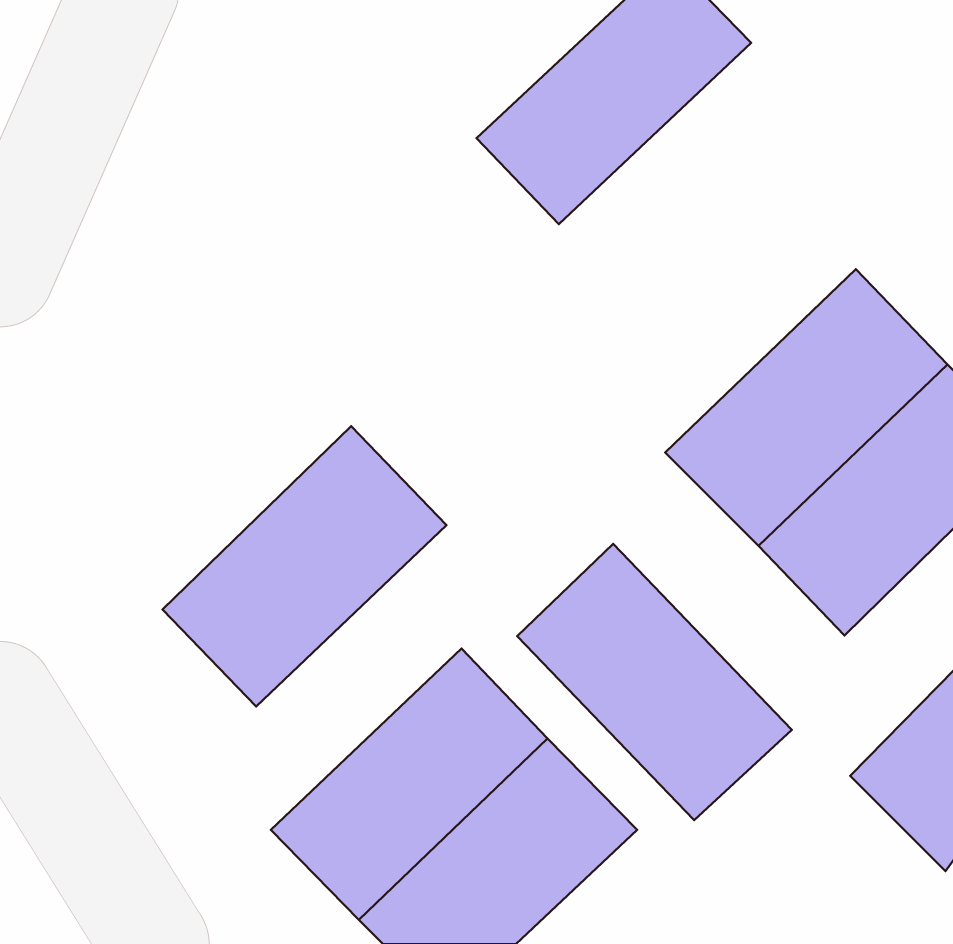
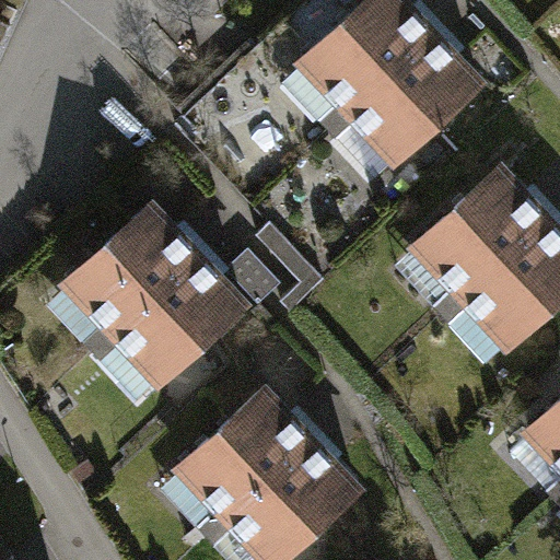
building: none -> [328,25,491,184]
building: none -> [40,192,207,357]
building: [517,544,792,820] -> none

